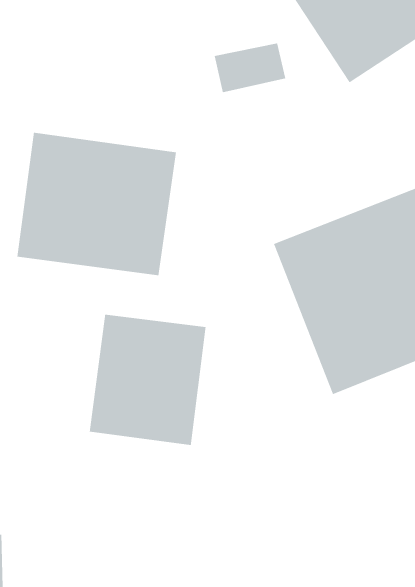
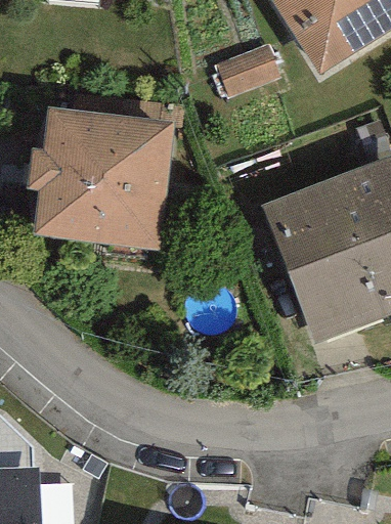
building: [89,314,206,446] -> none

